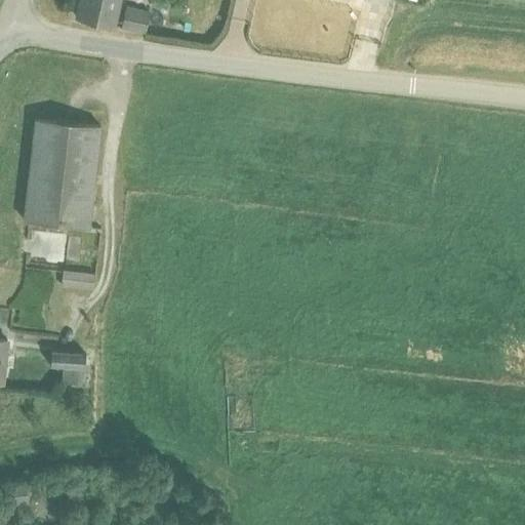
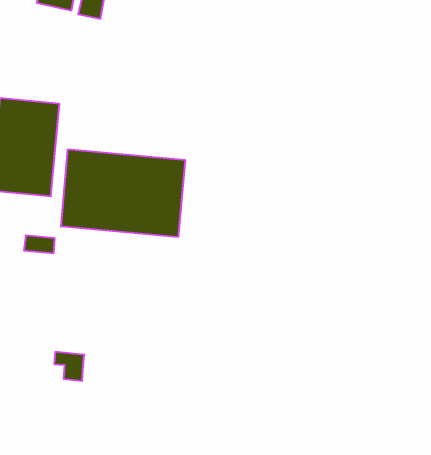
building: none -> [61,149,185,237]
building: [51,354,84,386] -> [54,352,84,381]

